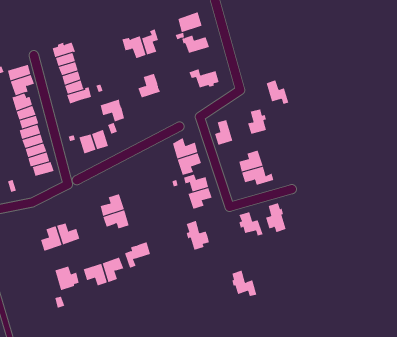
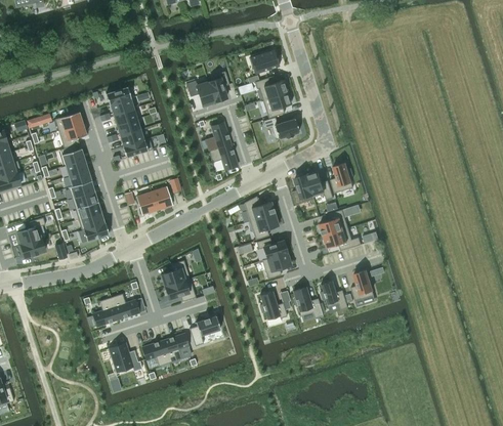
building: none -> [262,92,291,118]
building: [266,80,289,105] -> [306,171,333,200]
building: [100,99,125,122] -> [208,143,237,170]
building: [231,270,257,297] -> [293,287,323,317]

